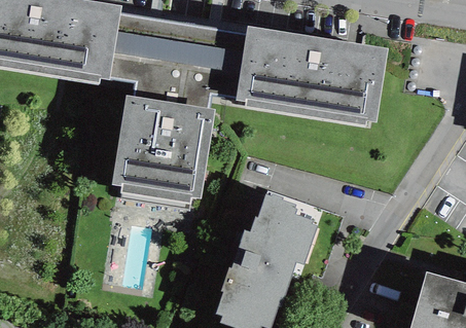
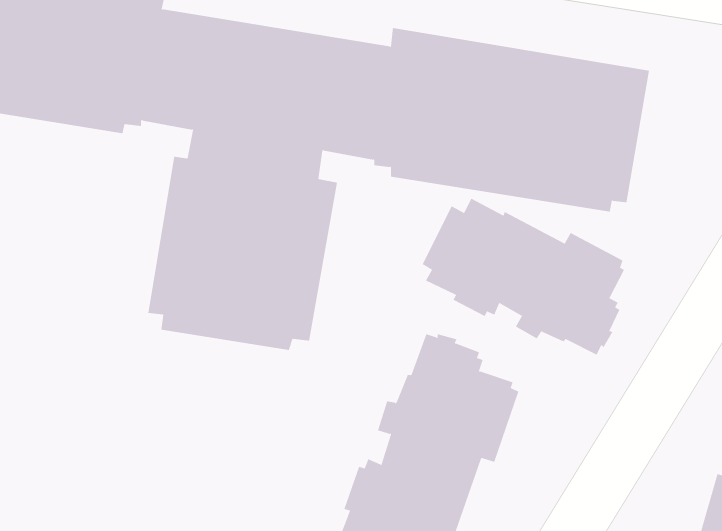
building: none -> [422,198,625,355]

